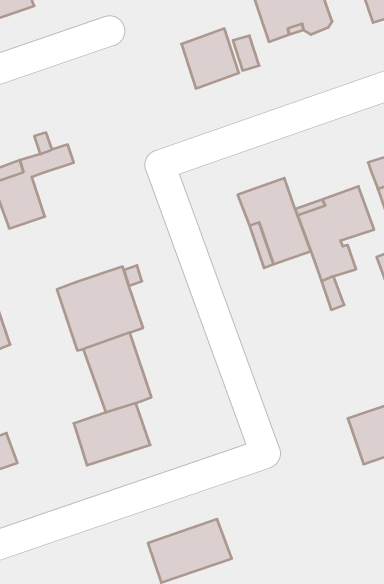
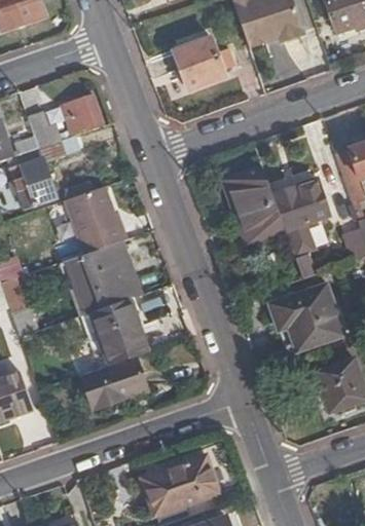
building: none -> [63,95,101,133]
building: none -> [64,185,122,253]
building: none -> [268,281,342,351]

